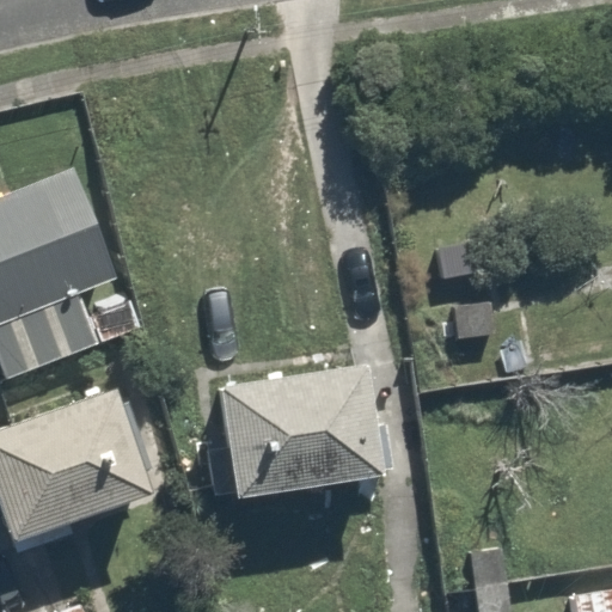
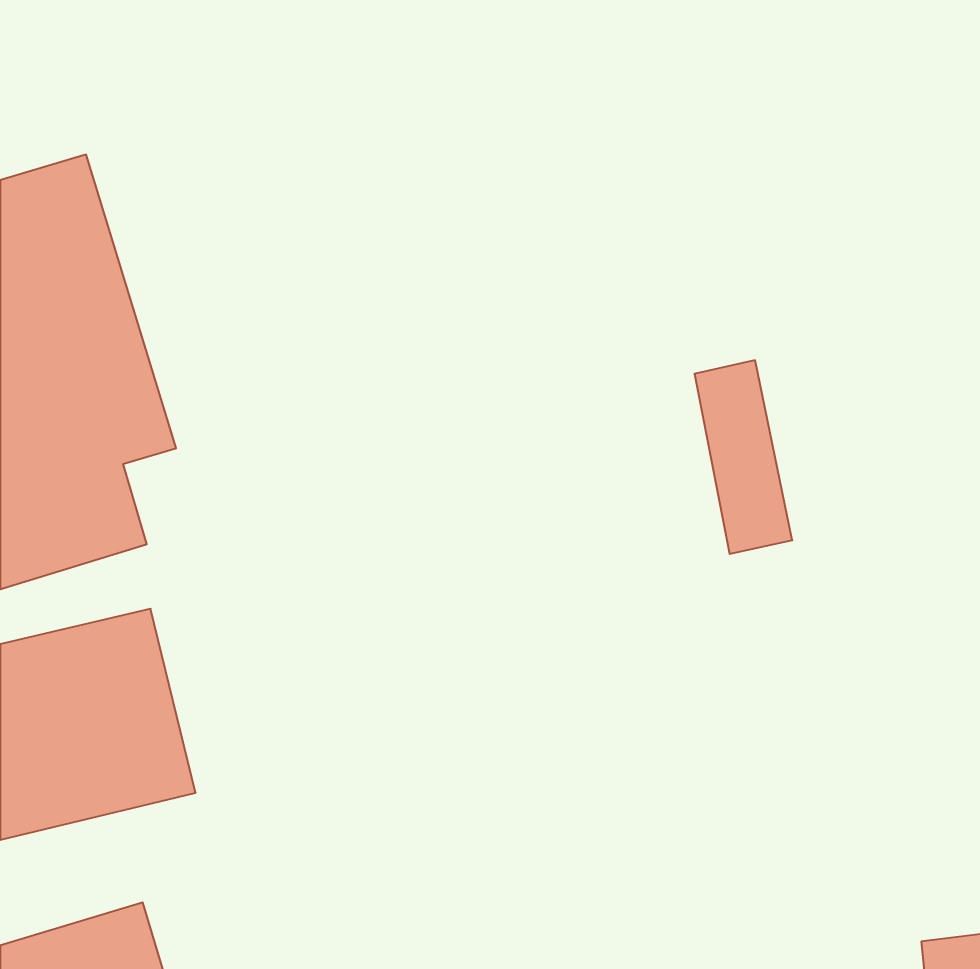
building: [206,356,361,482] -> none

